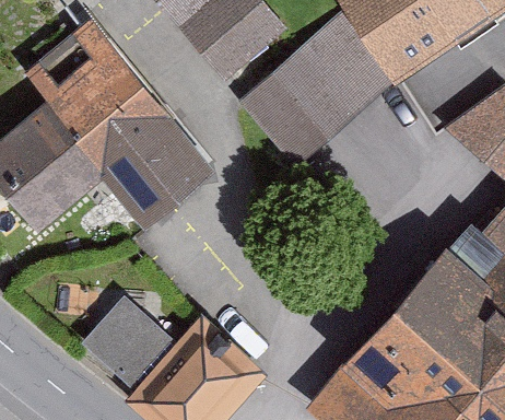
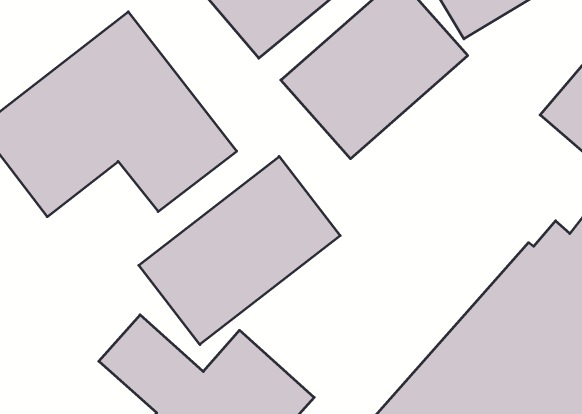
building: none -> [139,156,340,345]

